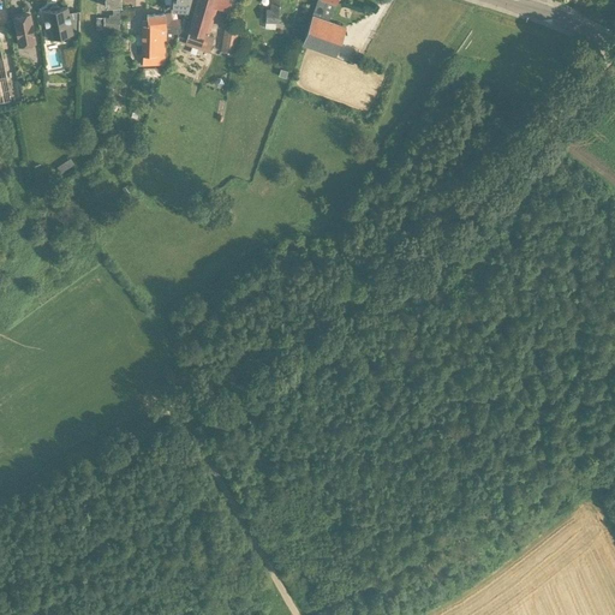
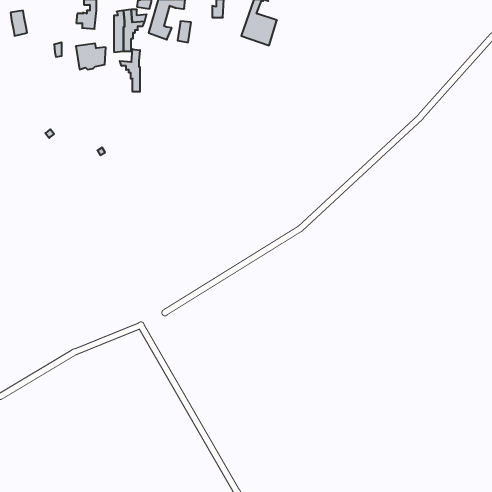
building: [43,6,80,38] -> [76,43,106,69]
building: none -> [120,49,140,92]

